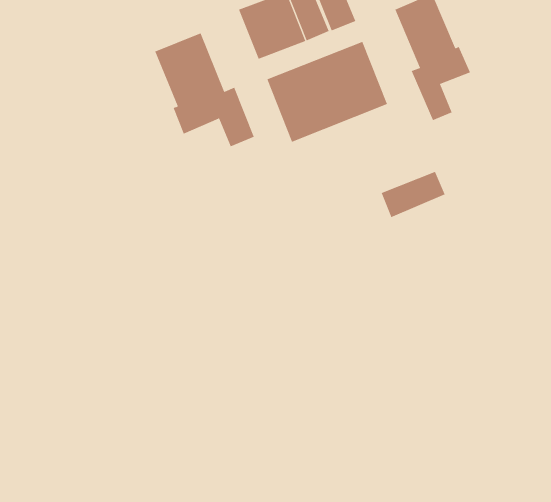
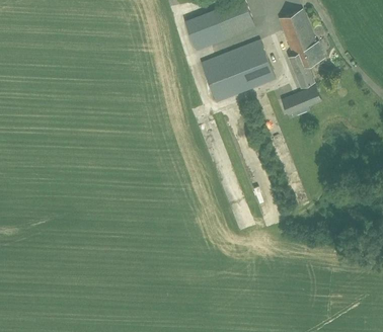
building: [154,33,255,147] -> none
building: [381,171,446,218] -> [282,87,321,115]

